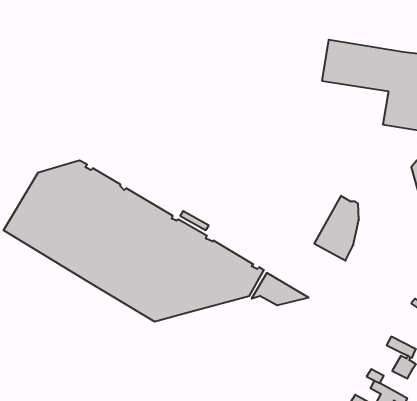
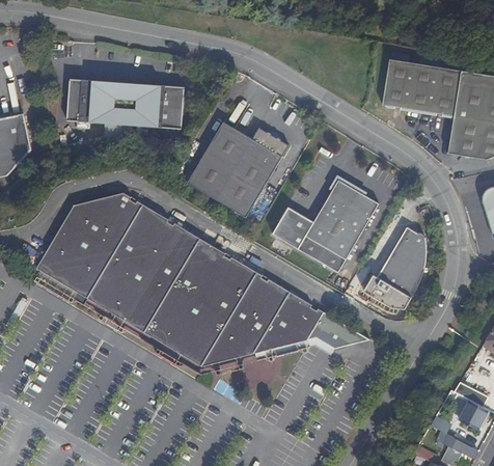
building: none -> [67,78,185,129]
building: none -> [188,120,289,216]
building: none -> [272,180,378,273]
building: none -> [361,278,410,311]

